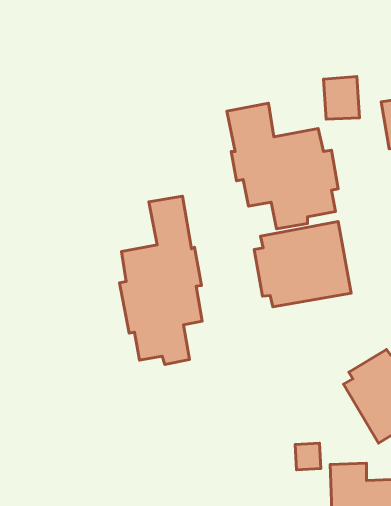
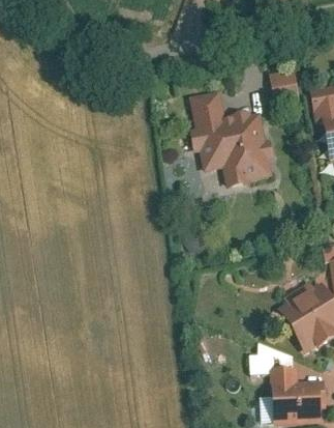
building: [120,196,202,364] -> none
building: [254,221,351,307] -> none

